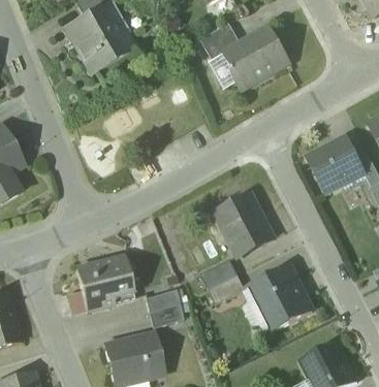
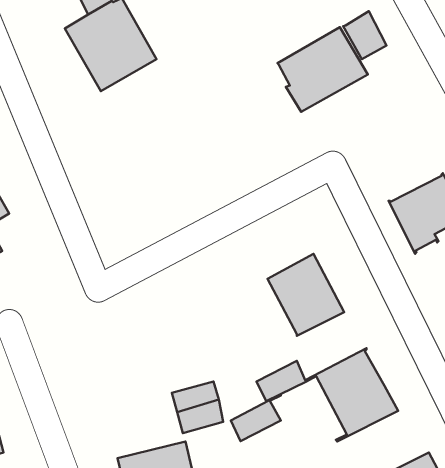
building: none -> [343,11,387,59]
building: [200,22,241,59] -> none
building: [200,253,238,288] -> [231,394,281,441]
building: [75,255,133,310] -> none

